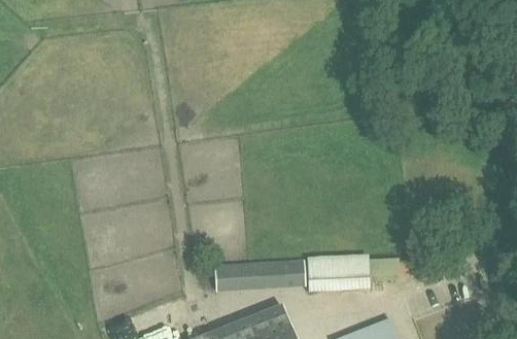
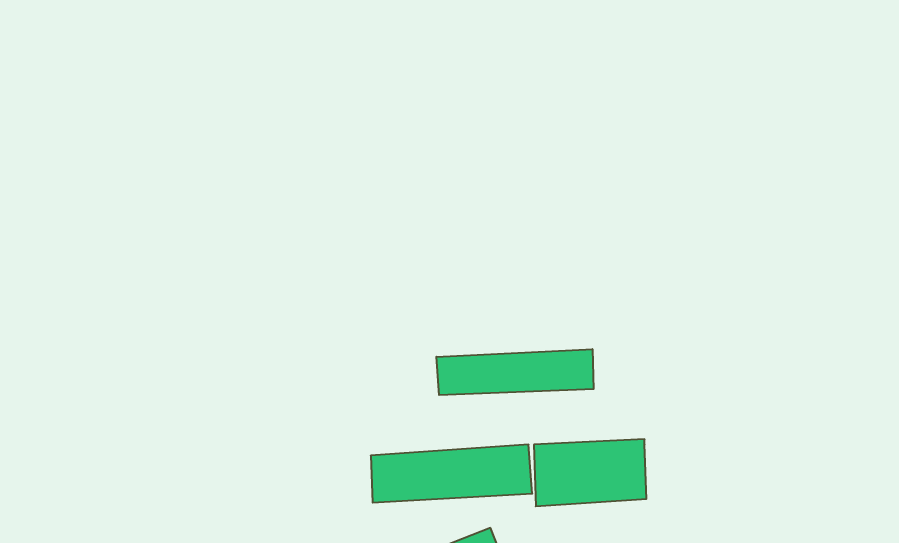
building: none -> [436,349,594,395]

